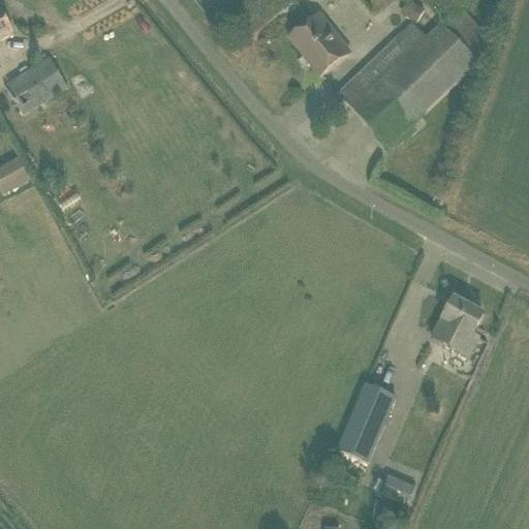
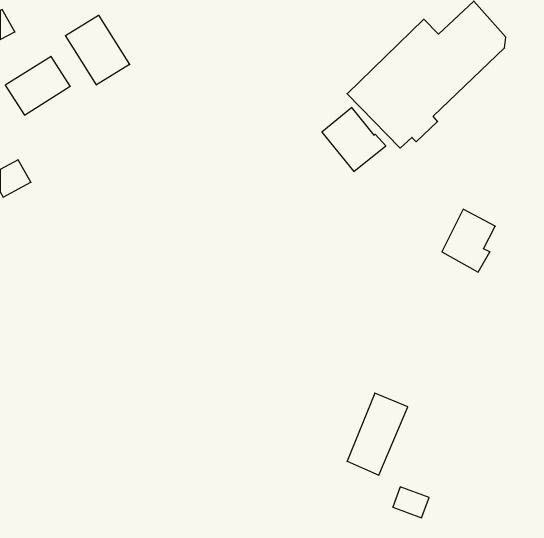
building: [289,11,351,73] -> [322,108,386,171]
building: none -> [65,15,130,85]
building: [432,295,484,356] -> [442,209,495,272]

